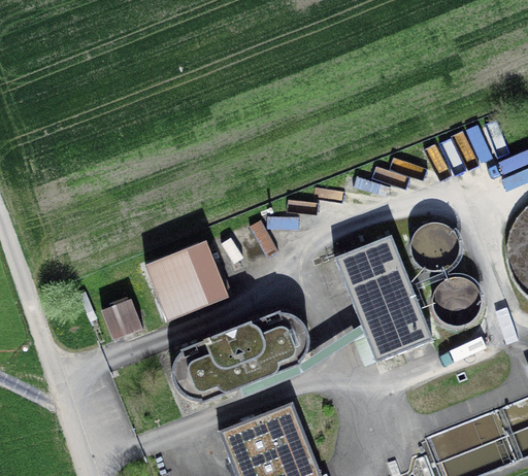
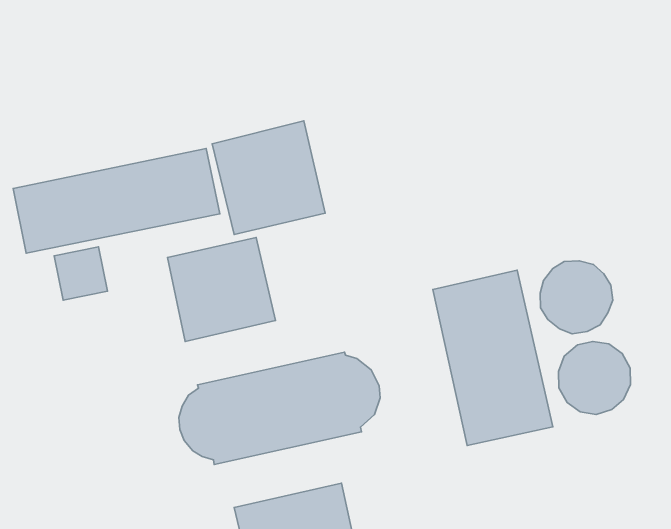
building: none -> [212,121,325,234]
building: none -> [13,148,220,253]
building: [102,298,143,339] -> [54,247,108,300]

